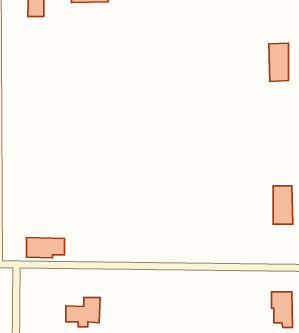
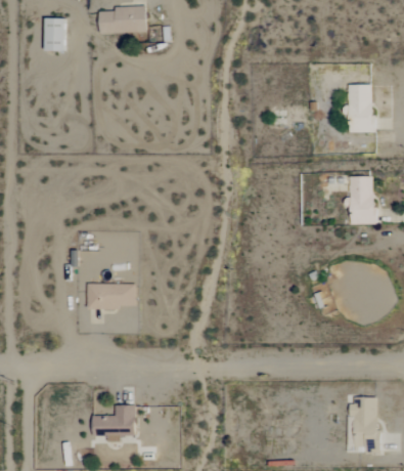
building: [273,186,293,224] -> [350,176,374,224]
building: [26,238,65,258] -> [87,284,135,309]

